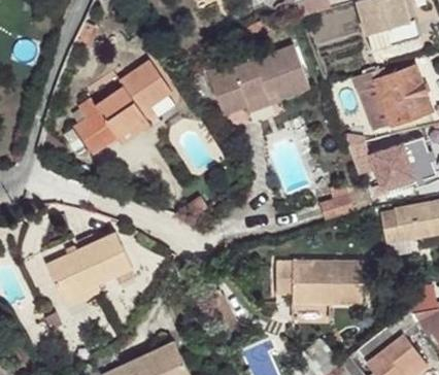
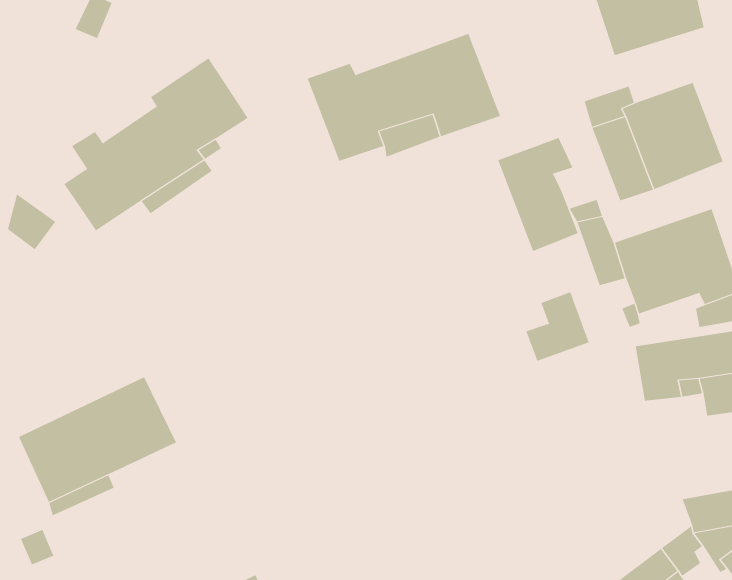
building: none -> [497,137,579,252]
building: [278,260,366,304] -> none

